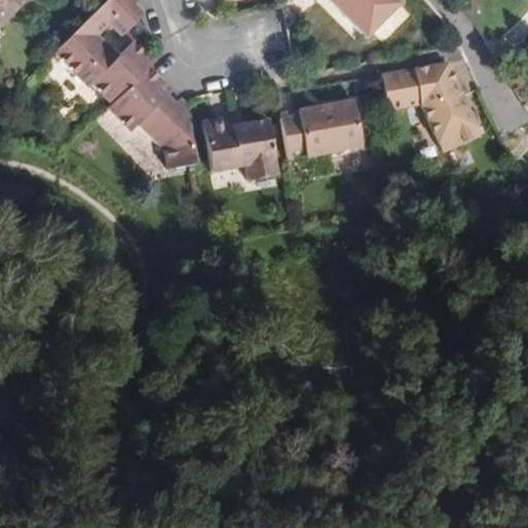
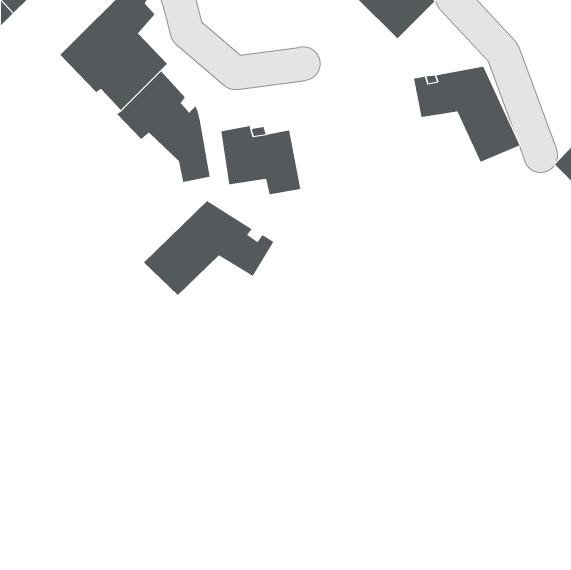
building: [279,100,362,159] -> none
building: none -> [143,200,274,296]

